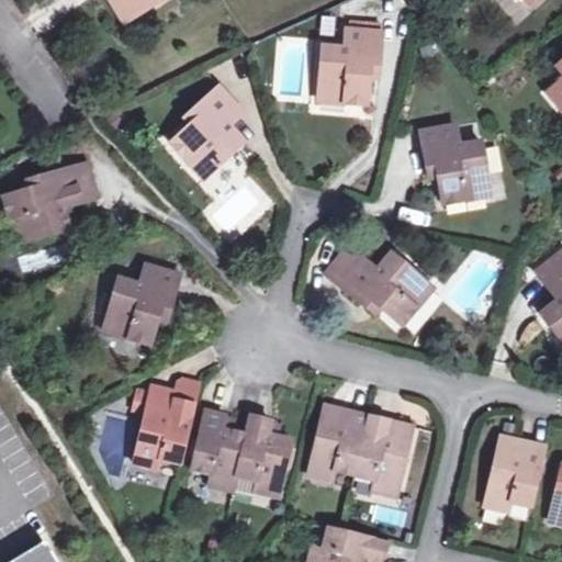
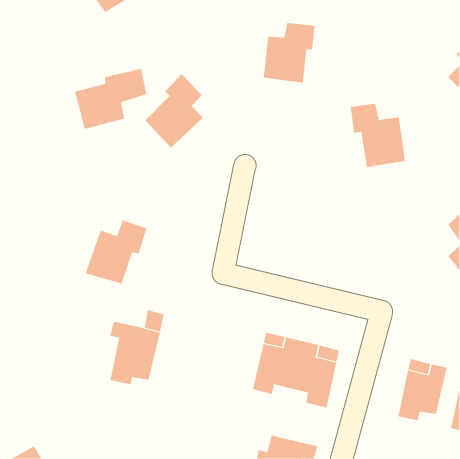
building: [8,166,97,240] -> [74,68,147,130]
building: [328,250,435,326] -> none
building: [191,401,295,493] -> none

